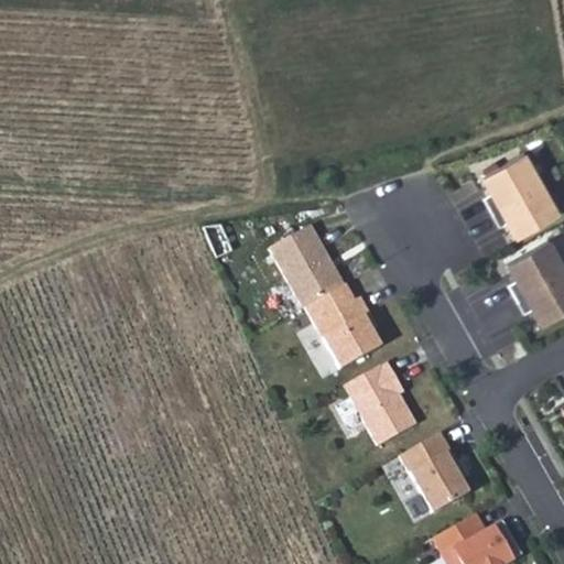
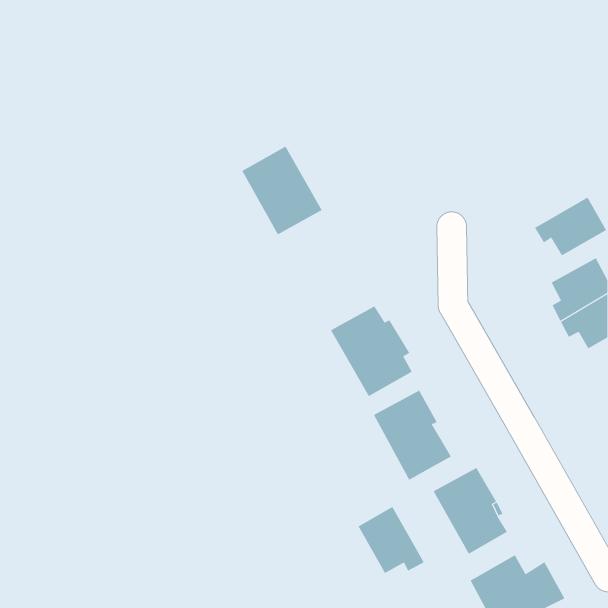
building: [484,152,543,212] -> none
building: [270,225,345,307] -> [242,146,323,235]
building: none -> [358,506,424,574]

